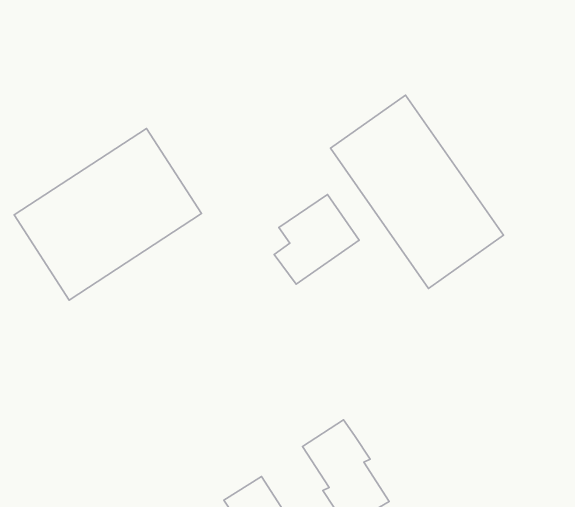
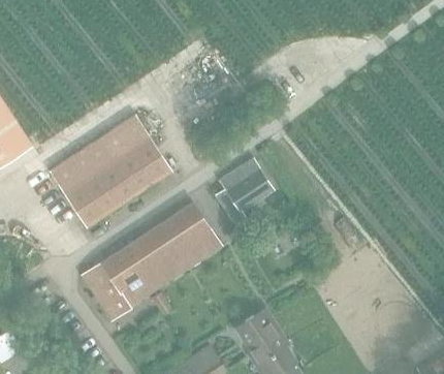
building: [330,95,504,288] -> none
building: none -> [83,202,222,319]

